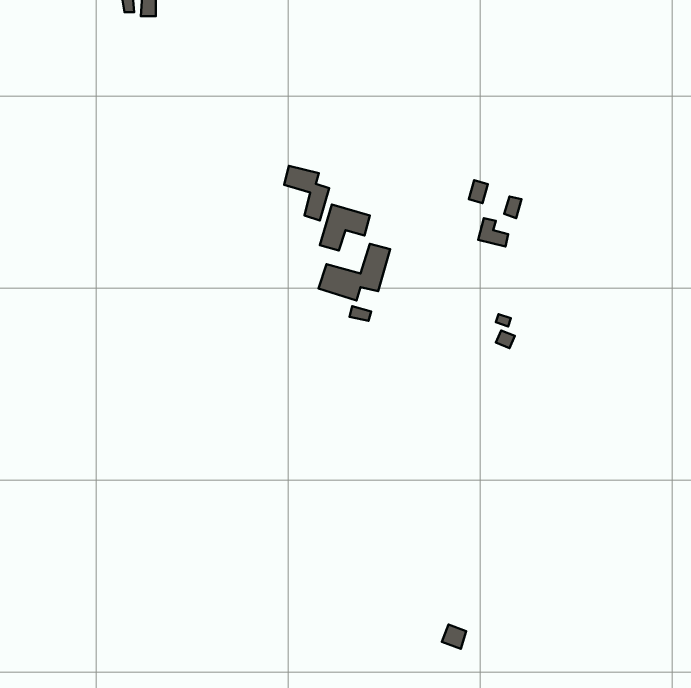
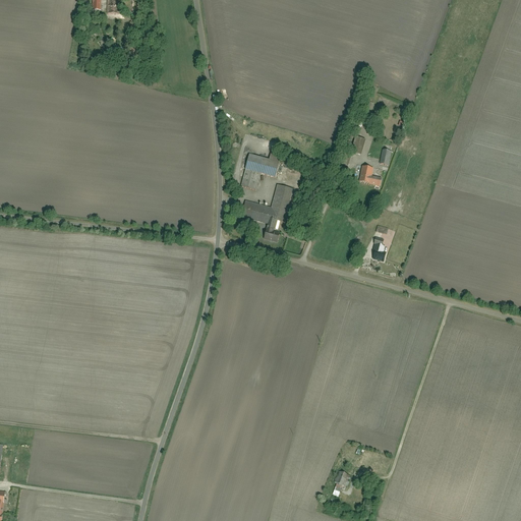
building: [284,166,329,220] -> none

